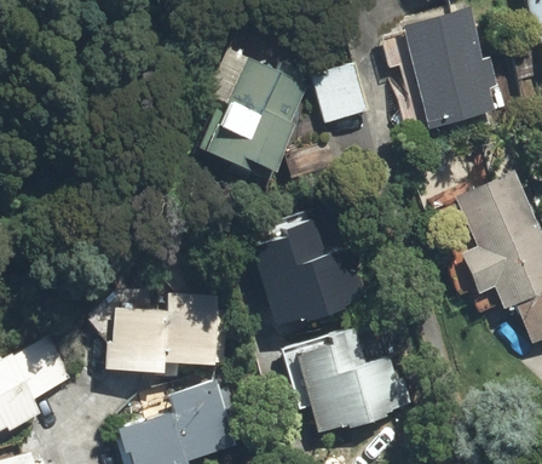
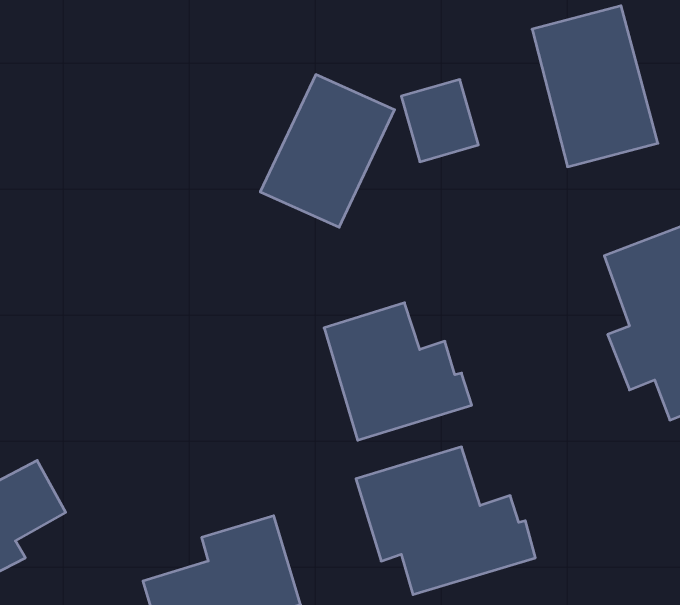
building: [109,293,219,370] -> none

